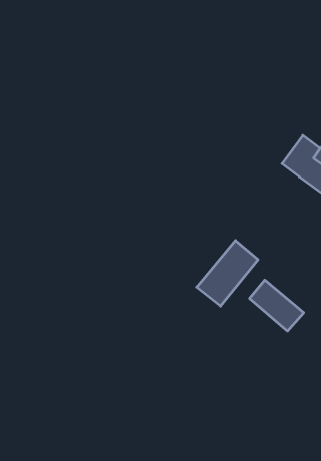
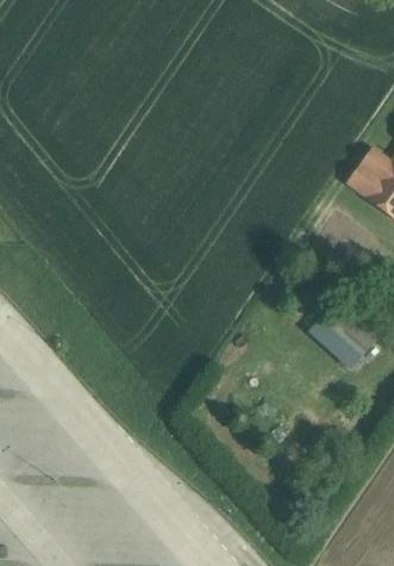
building: [197,241,258,306] -> none

